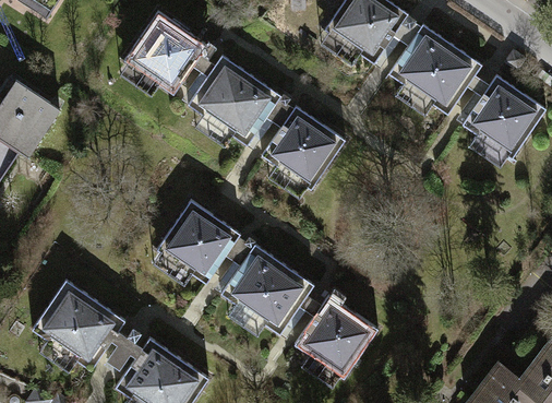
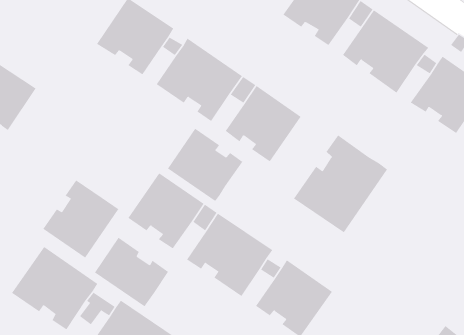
building: none -> [167,128,243,202]
building: none -> [293,134,388,233]
building: none -> [42,180,119,258]
building: none -> [94,237,169,307]

